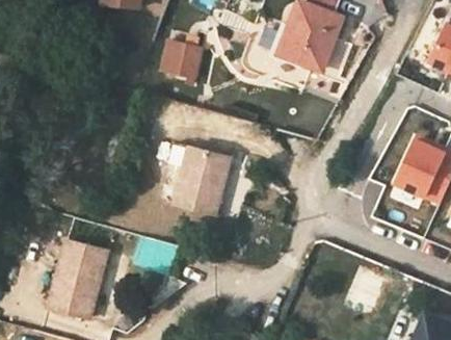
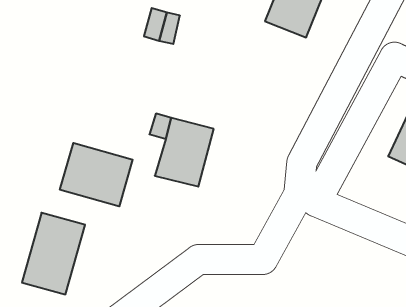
building: none -> [60,143,133,206]

